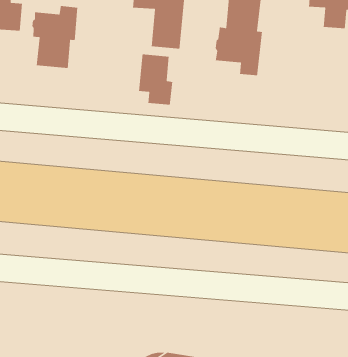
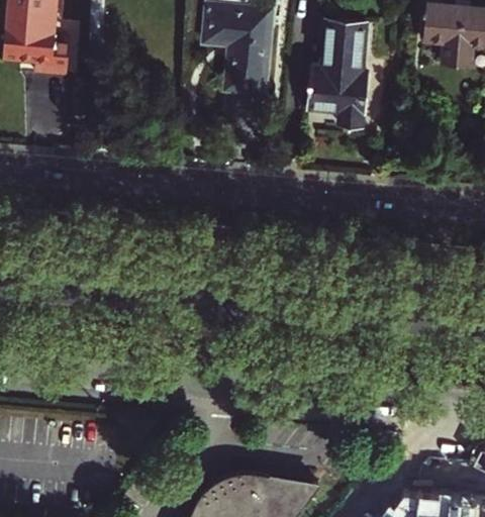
building: [32,5,78,69] -> none
building: [138,53,173,106] -> none

